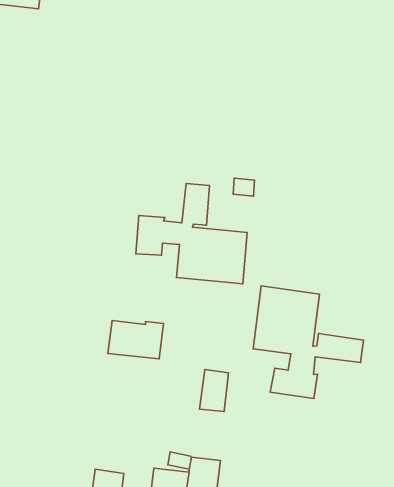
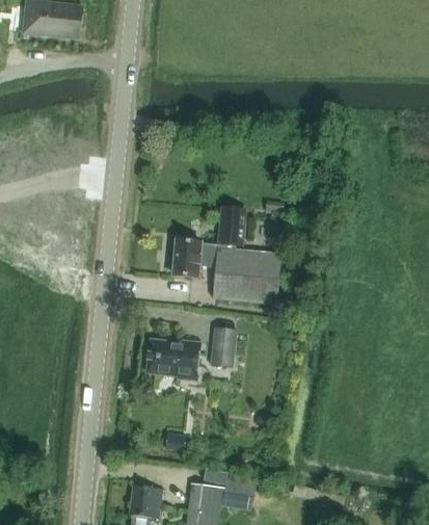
building: [253,286,364,399] -> none
building: [199,370,228,411] -> [209,325,237,366]

